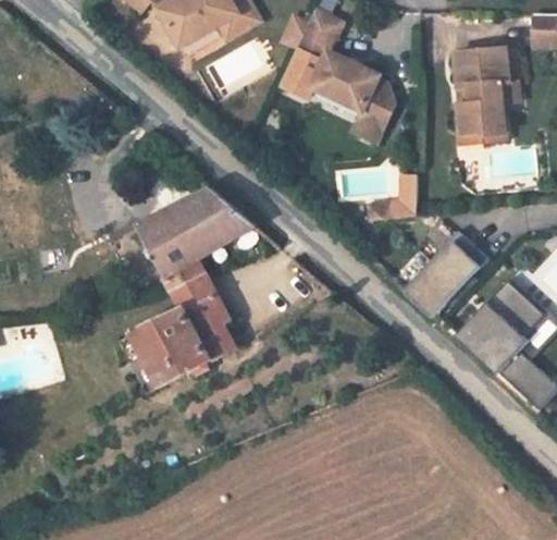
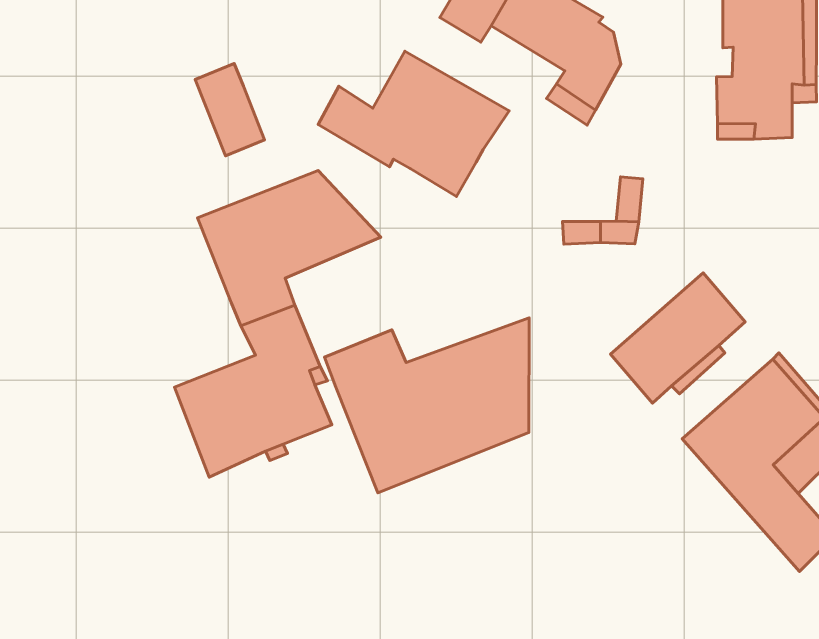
building: none -> [318,51,509,196]
building: none -> [195,63,264,156]
building: none -> [325,318,529,493]

